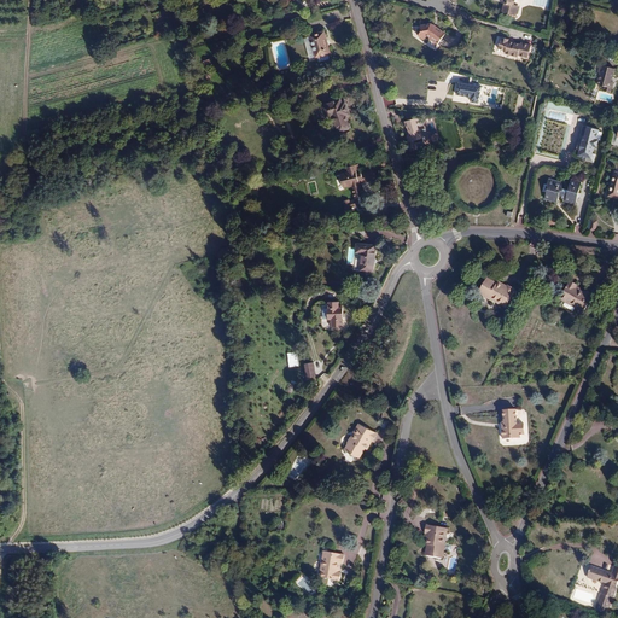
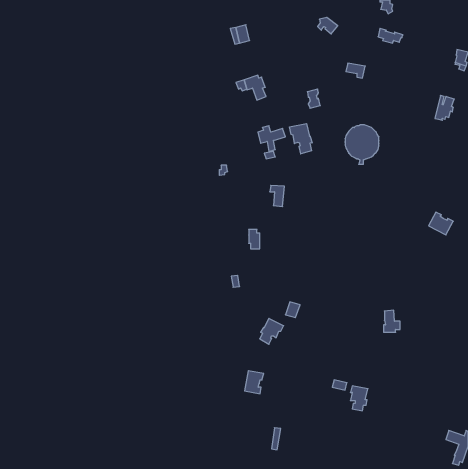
building: none -> [290,124,312,154]
building: [543,179,581,204] -> none
building: [482,278,518,305] -> none
building: [422,520,445,553] -> [350,386,368,411]
building: [317,547,343,577] -> [245,371,264,394]

